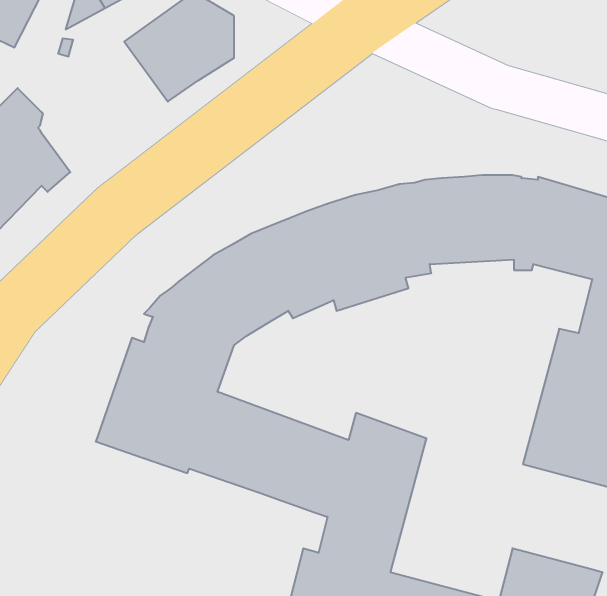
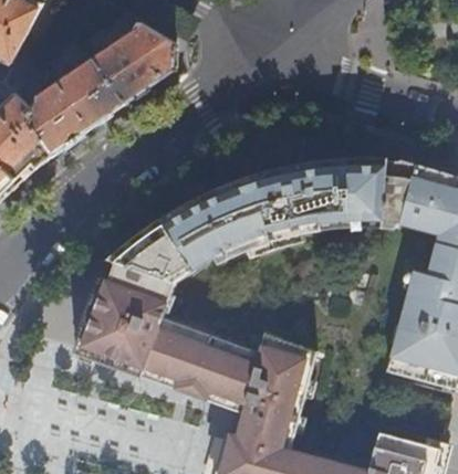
building: none -> [30,59,125,155]

